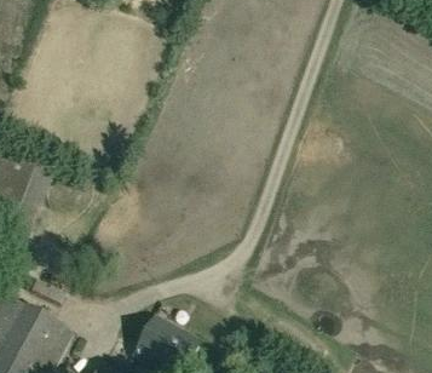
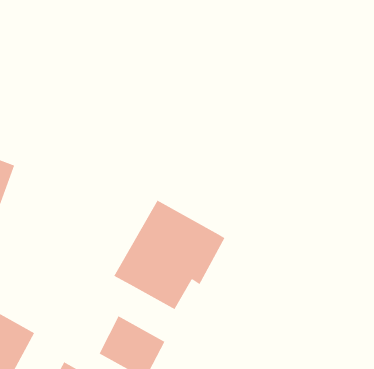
building: none -> [113,200,226,310]

